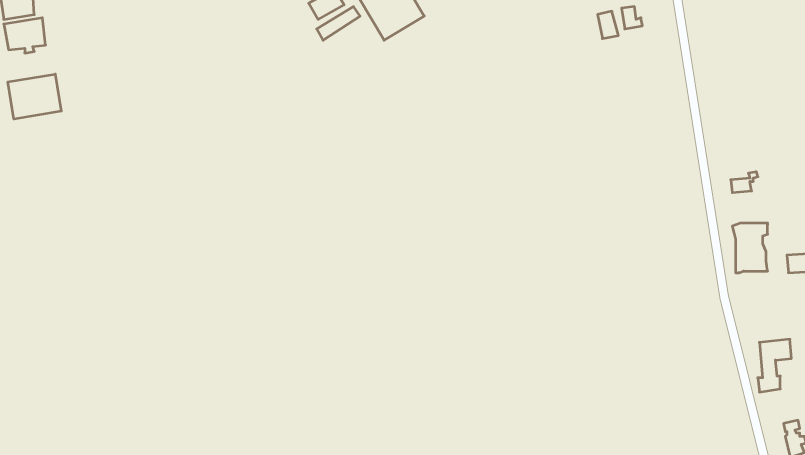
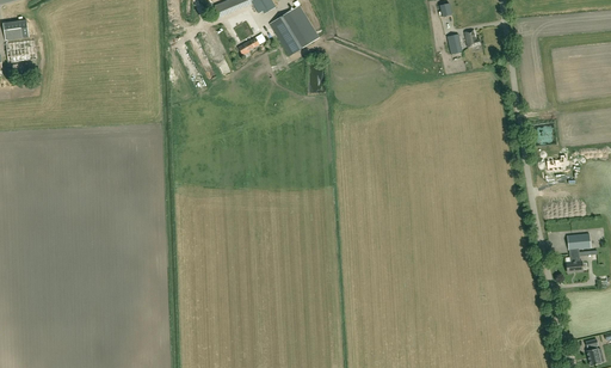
building: [8,74,61,119] -> none
building: [758,339,791,392] -> [566,233,591,272]

